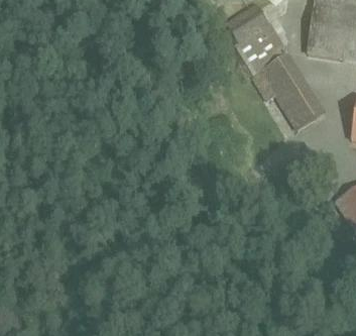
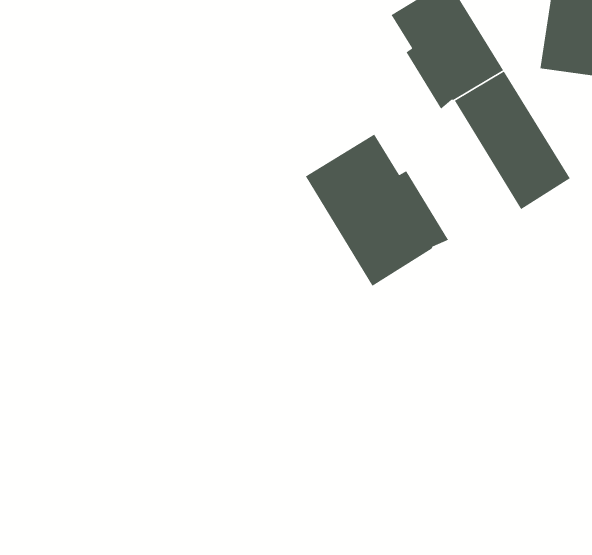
building: none -> [305,134,449,287]

